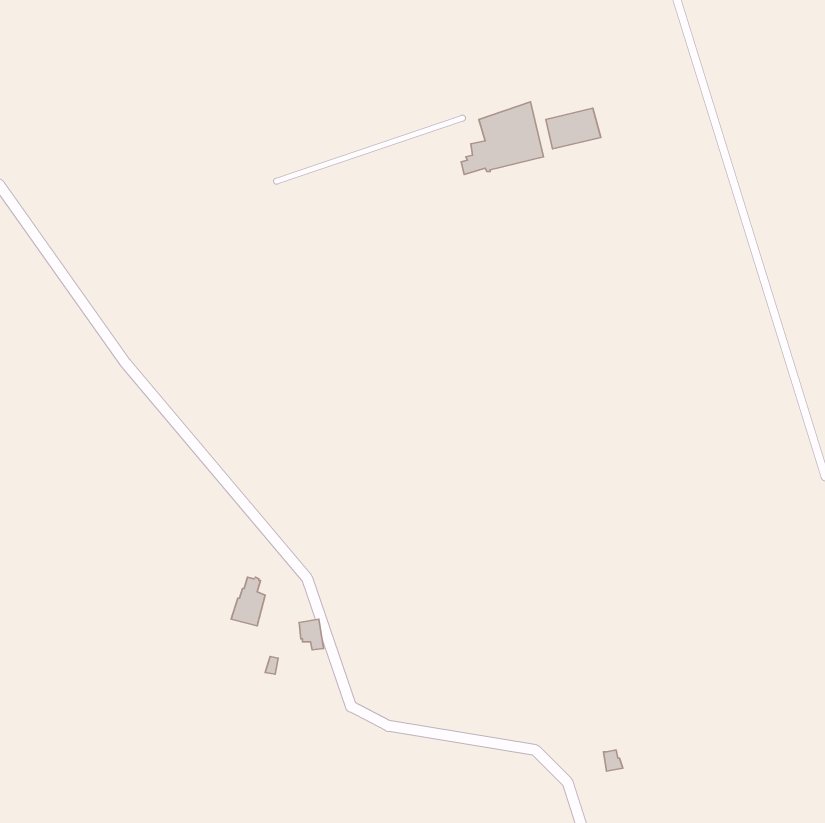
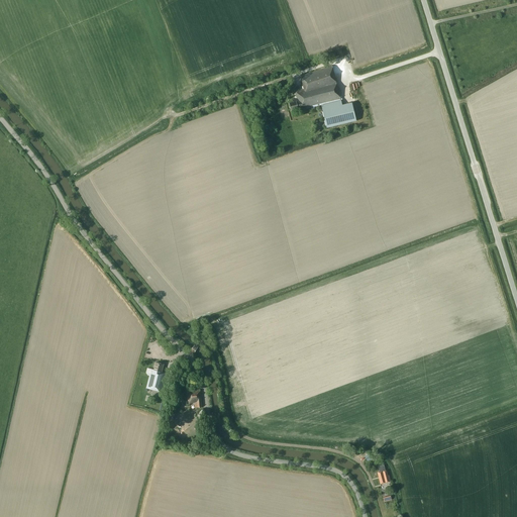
building: [546,108,601,149] -> [321,102,355,127]

